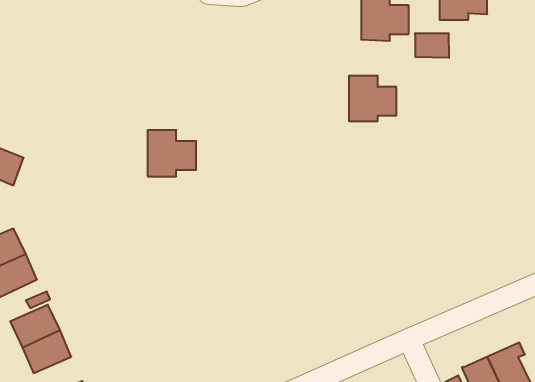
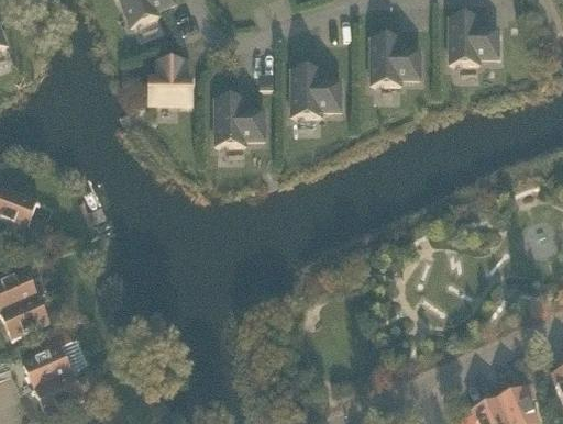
building: none -> [151,59,190,99]
building: [415,33,449,58] -> none
building: [349,76,396,121] -> [292,68,340,113]
building: [148,130,196,176] -> [216,97,264,143]

